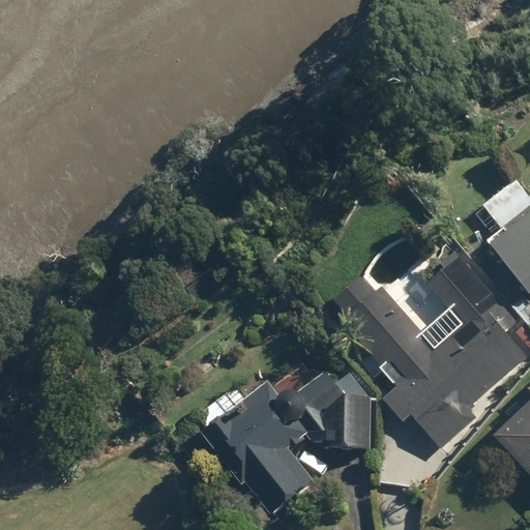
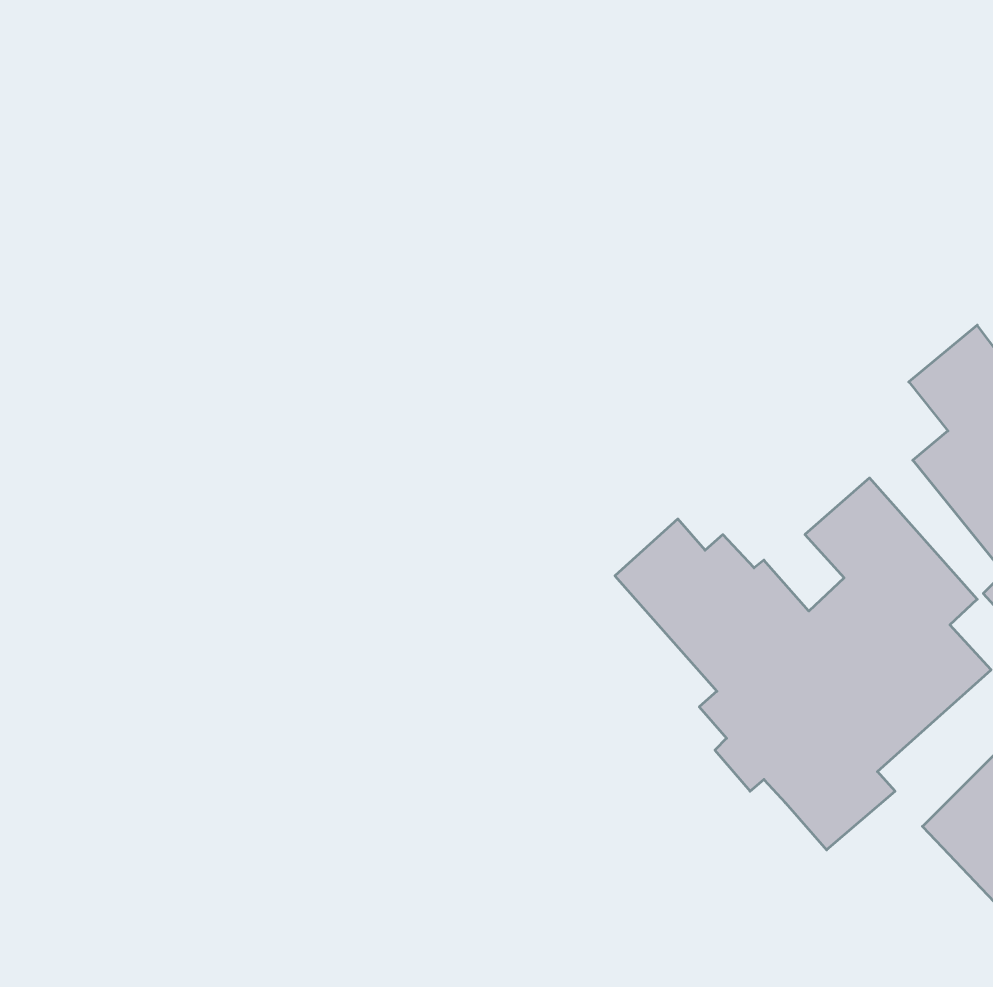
building: [199,354,338,517] -> none
building: [336,395,374,448] -> none

